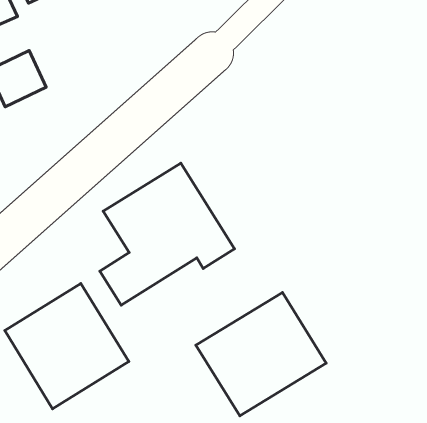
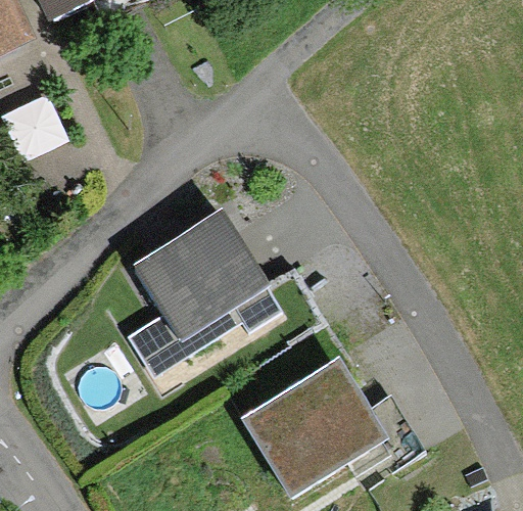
building: [5,283,129,409] -> none

